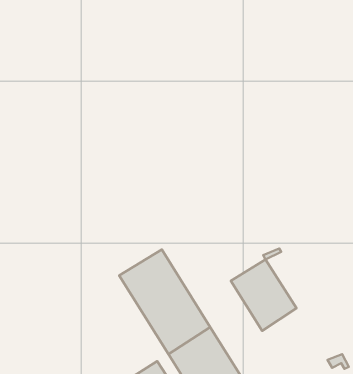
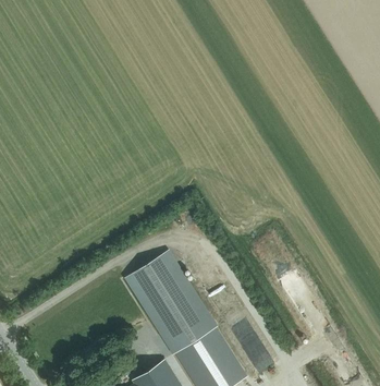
building: [231,260,296,331] -> none

